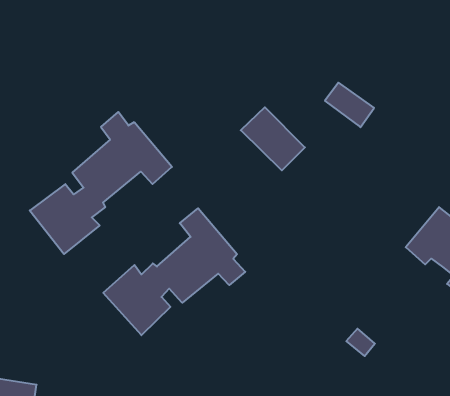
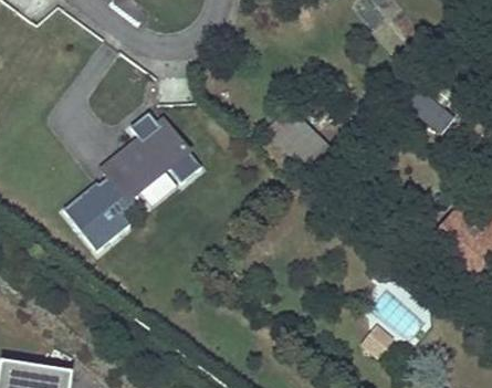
building: [325,83,374,127] -> [408,88,456,132]
building: [103,208,245,335] -> none

